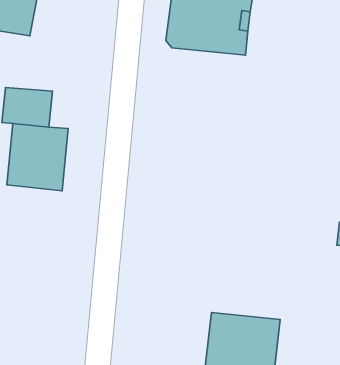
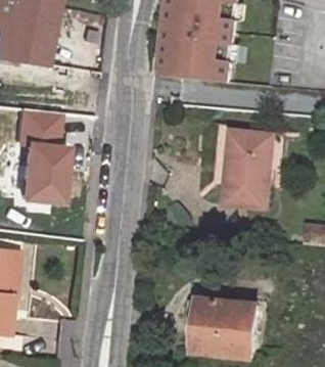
building: none -> [227,130,276,208]

